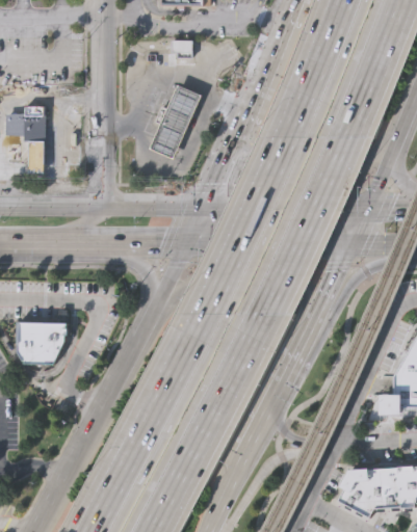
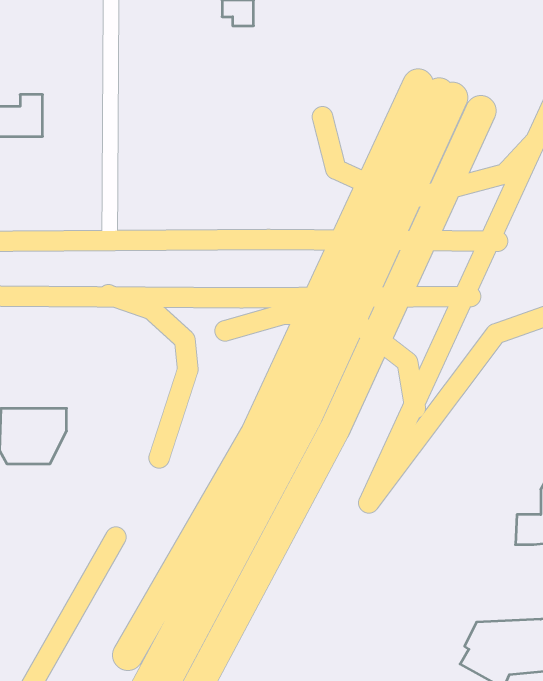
building: [152,85,201,157] -> none
building: [25,141,42,175] -> none

